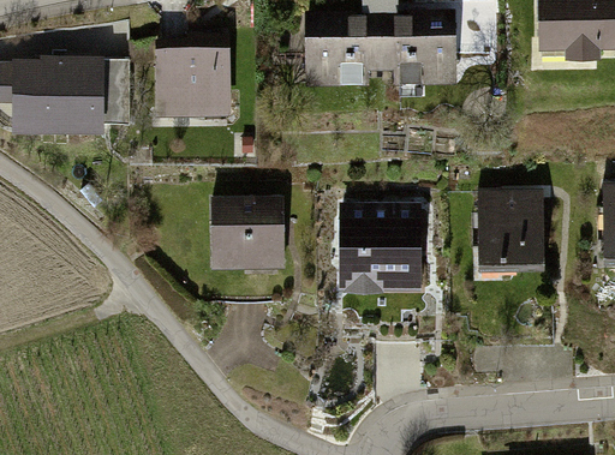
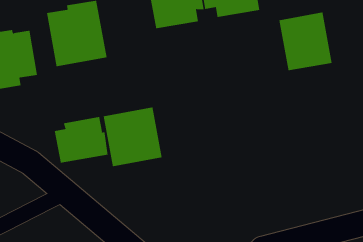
building: [476,190,542,264] -> [278,12,333,71]
building: none -> [54,116,108,163]
building: [341,204,424,293] -> none

